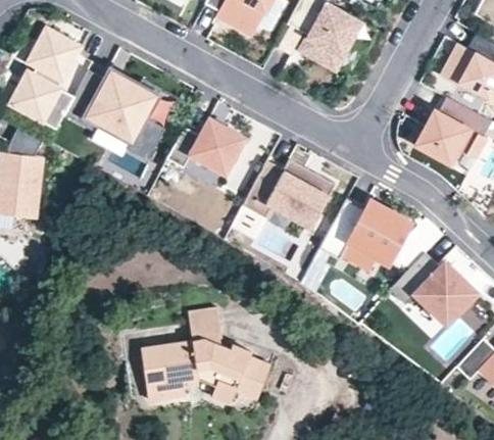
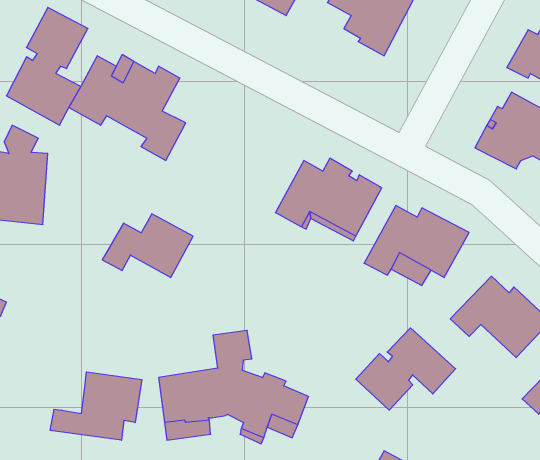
building: [166,117,245,173] -> [102,214,193,278]
building: none -> [356,328,456,410]
building: none -> [50,372,142,440]

